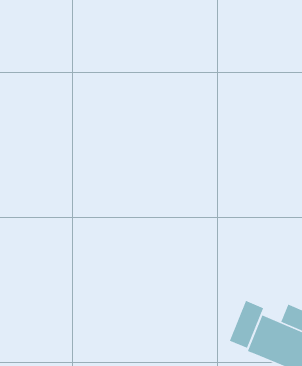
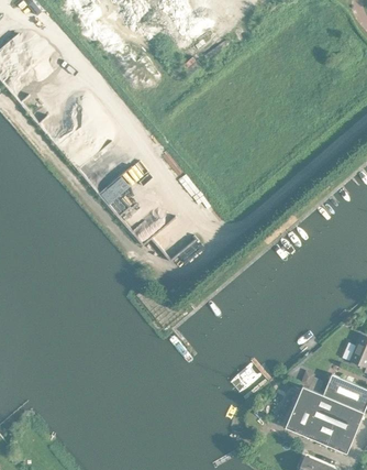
building: [229,300,264,349] -> none

